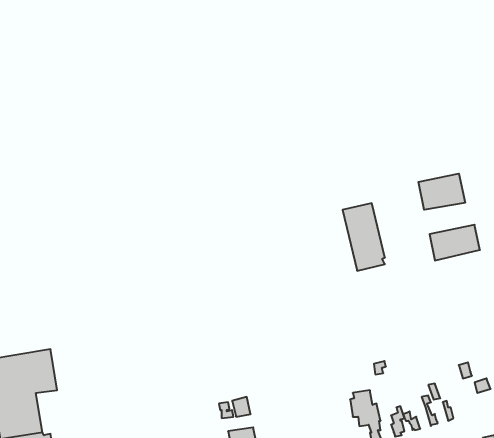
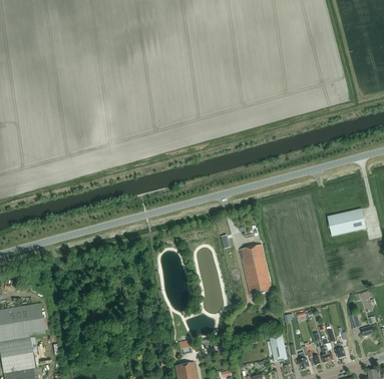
building: [418,174,465,210] -> none
building: [343,203,385,271] -> [240,244,272,295]

